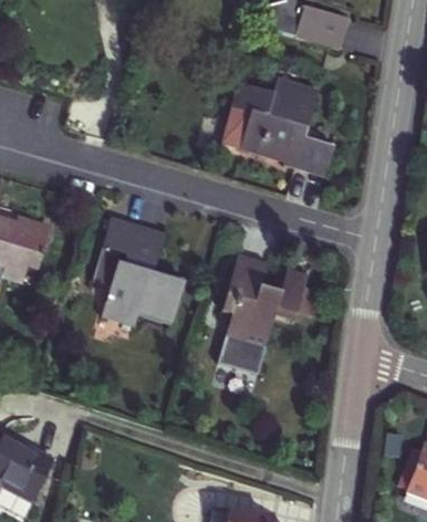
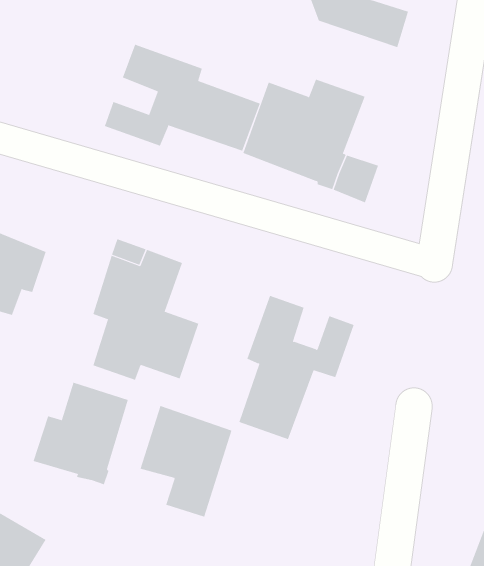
building: none -> [104,44,260,152]
building: none -> [33,382,128,485]
building: none -> [140,405,232,518]

